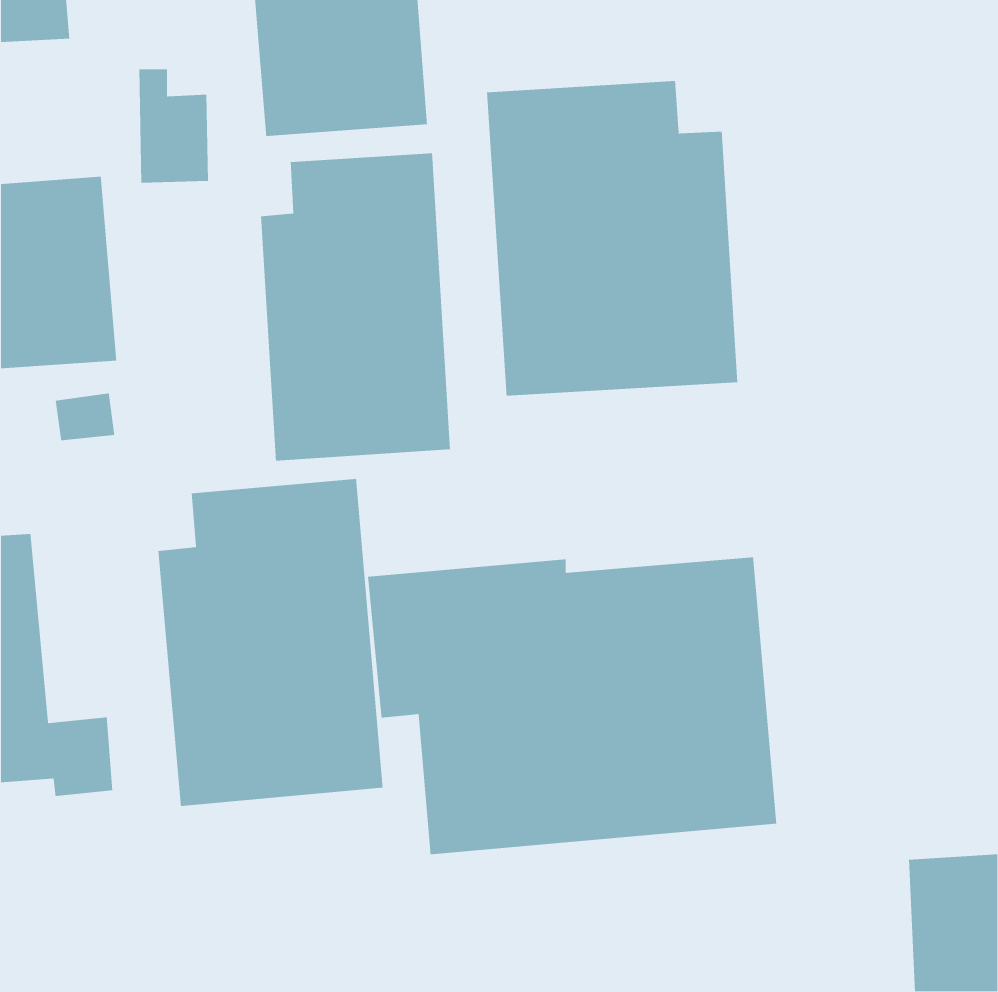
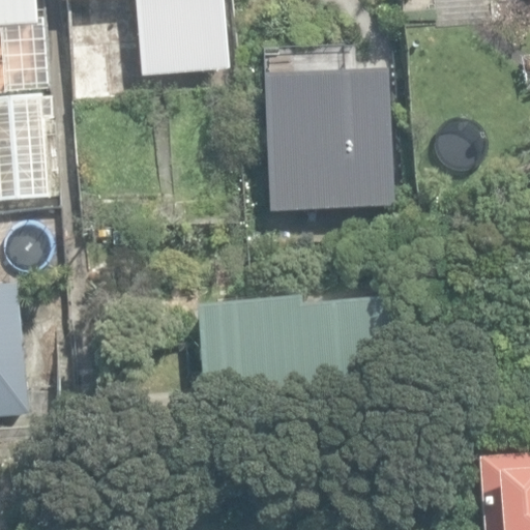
building: [260,153,451,461] -> none
building: [157,478,383,807] -> none

